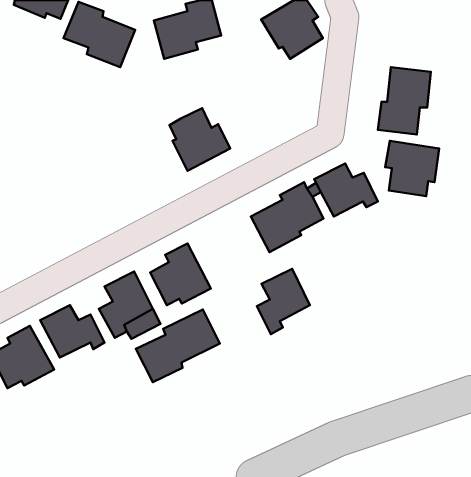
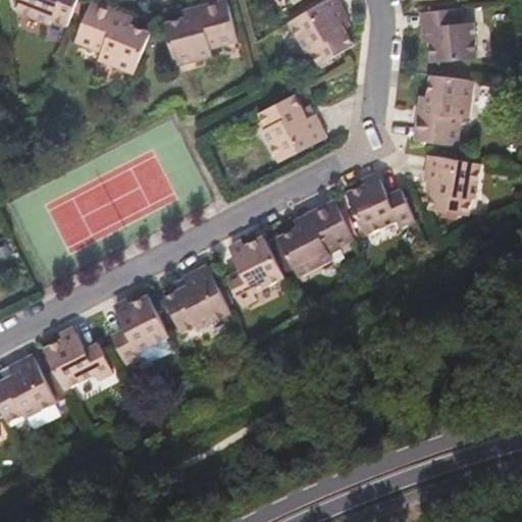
building: none -> [423,5,480,55]
building: [170,108,230,171] -> [258,94,324,162]
building: [257,269,310,334] -> [223,236,281,307]
building: [136,309,220,382] -> none

